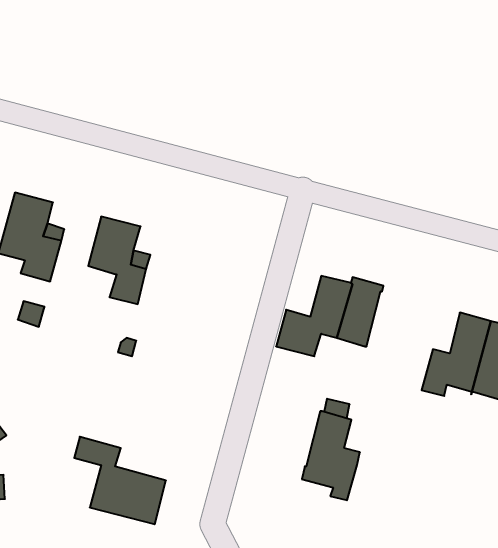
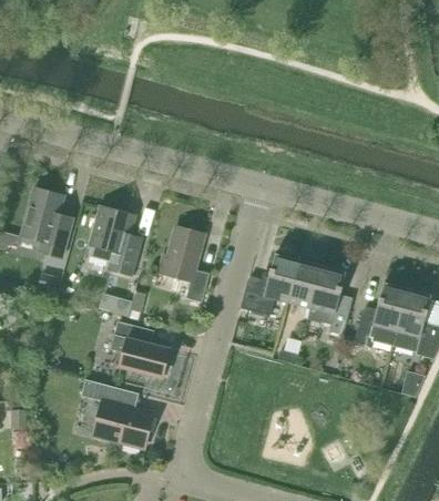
building: none -> [159,227,208,303]
building: none -> [111,323,170,379]
building: [302,411,360,500] -> [307,266,353,336]

